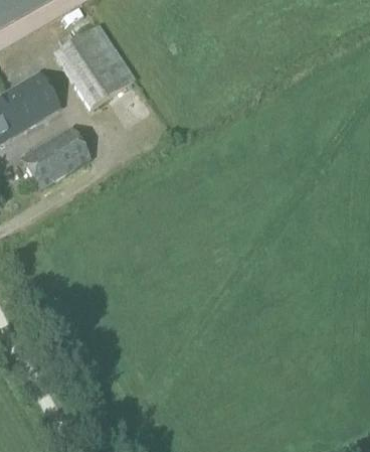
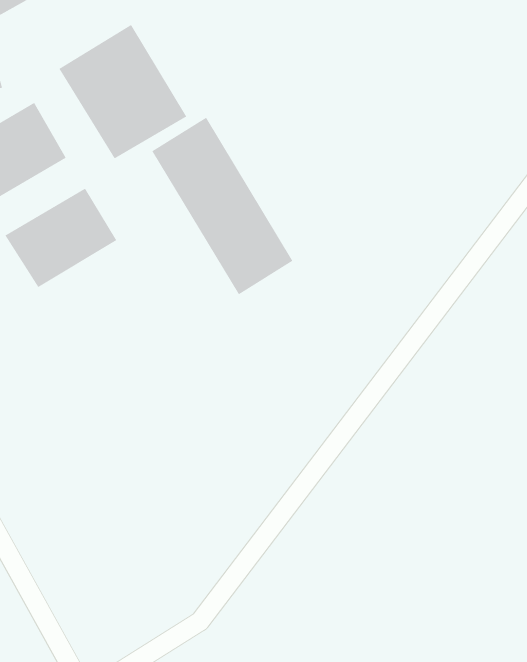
building: none -> [152,117,293,295]

